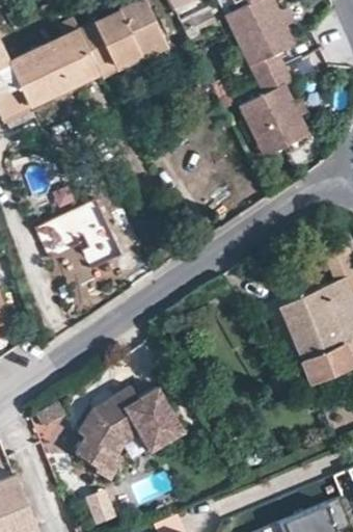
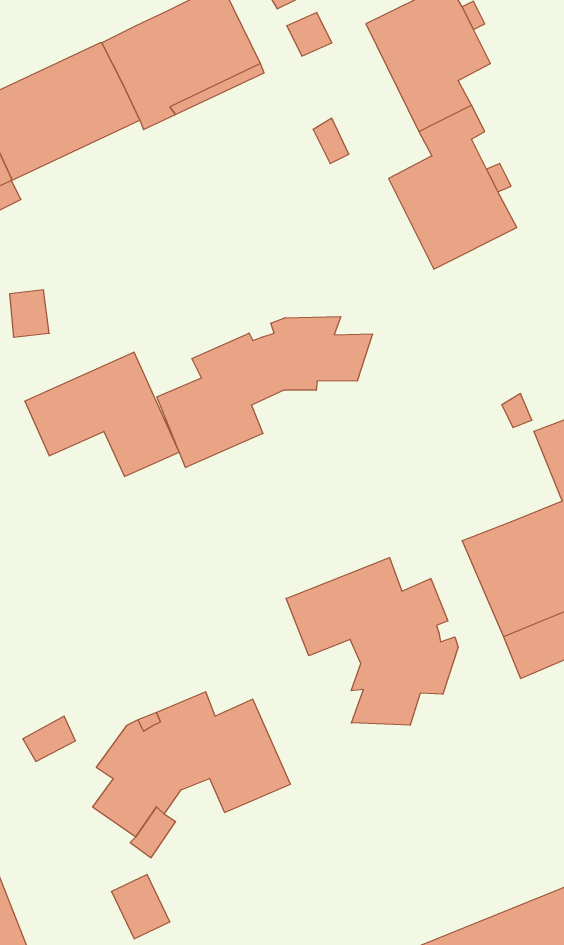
building: none -> [157,317,373,468]
building: none -> [286,558,458,725]

